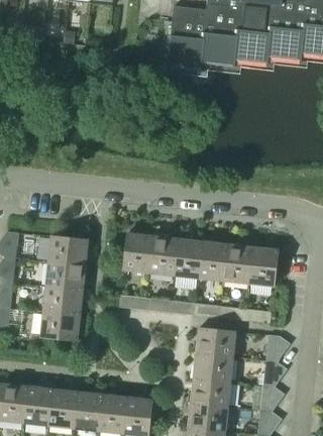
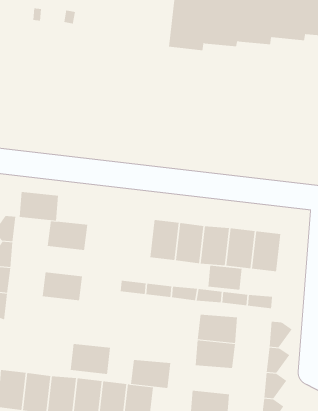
building: [123,232,152,272] -> none
building: [45,261,85,291] -> [19,191,59,221]
building: none -> [208,265,242,291]
building: [39,311,80,341] -> [70,344,111,374]
building: [190,378,230,407] -> [130,360,171,388]

